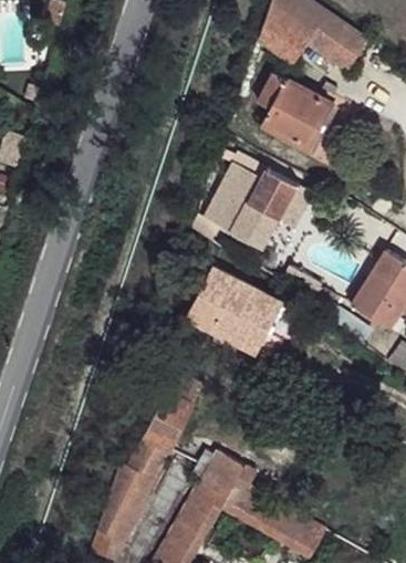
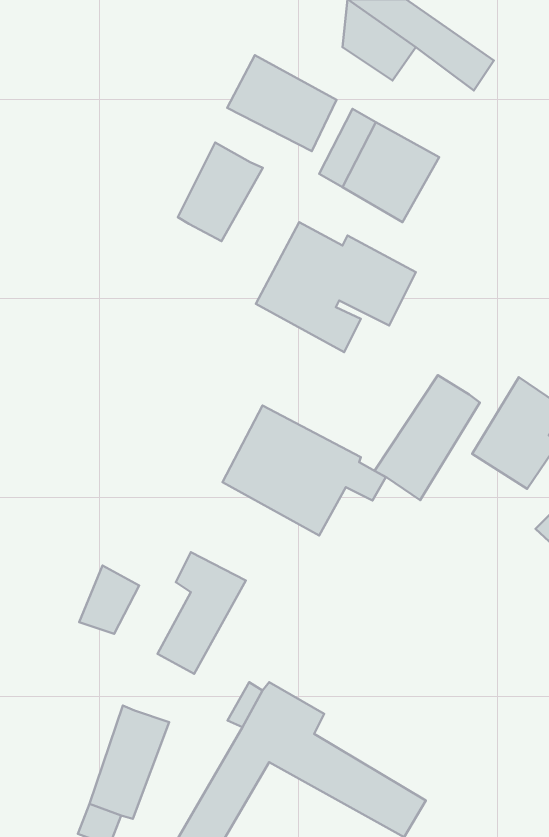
building: none -> [227,55,337,151]
building: none -> [178,142,263,241]
building: none -> [375,375,480,500]
building: [127,437,167,482] -> [79,566,139,634]

